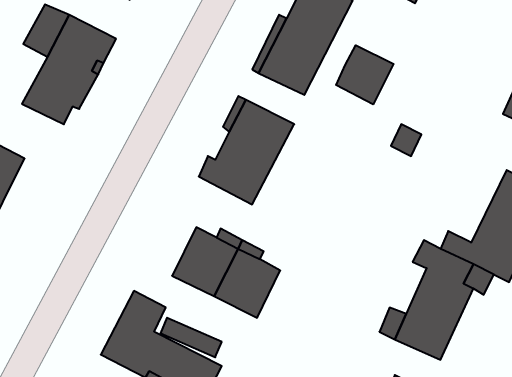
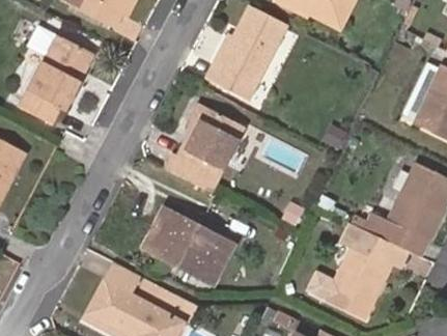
building: [336,45,394,104] -> none

